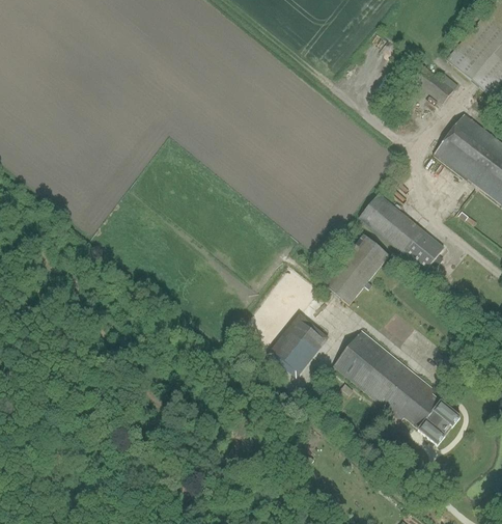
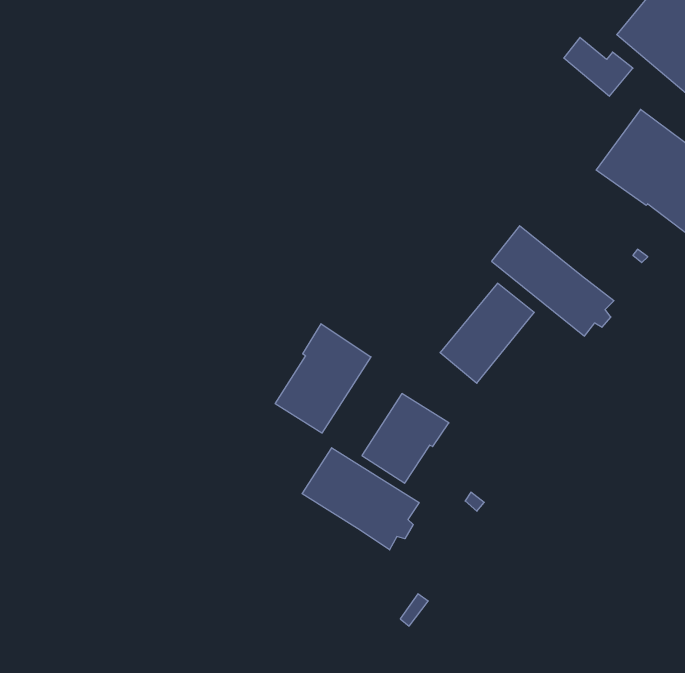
building: none -> [275,324,371,433]
building: [332,330,459,446] -> none
building: none -> [302,448,419,550]

